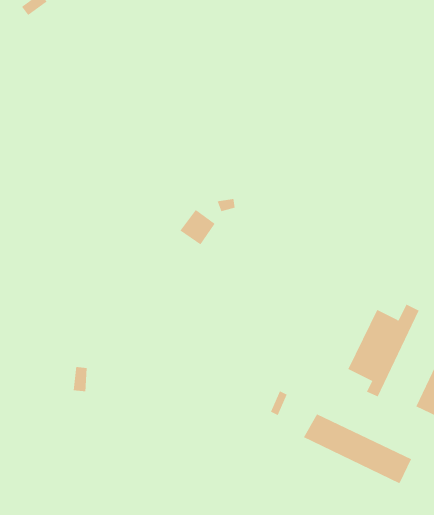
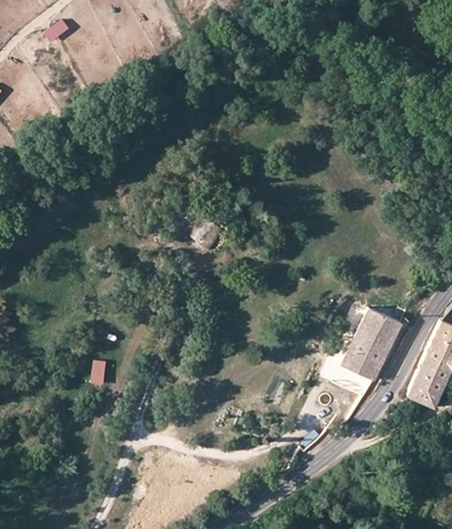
building: [303,413,412,484] -> none

